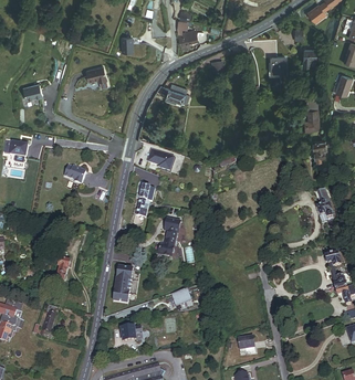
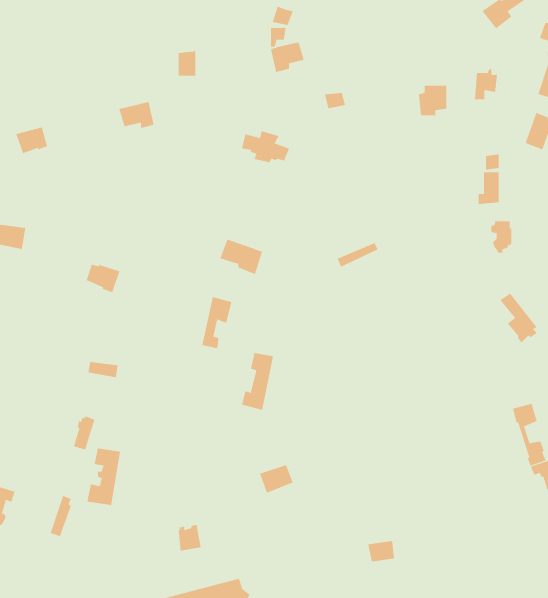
building: [112,268,133,304] -> [86,448,121,506]

